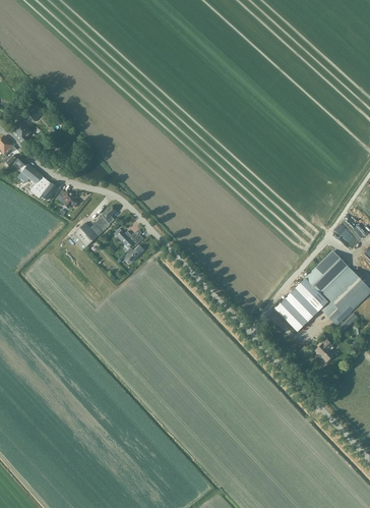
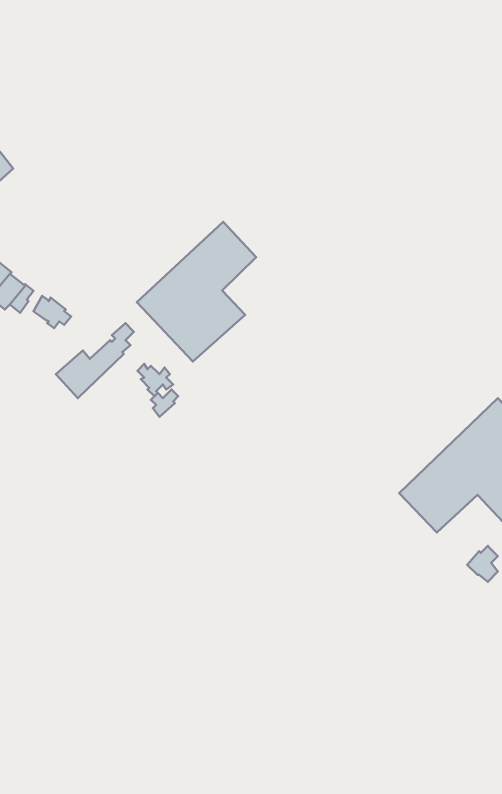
building: none -> [137,222,256,362]

